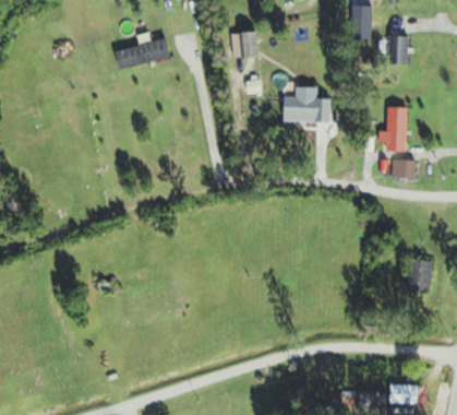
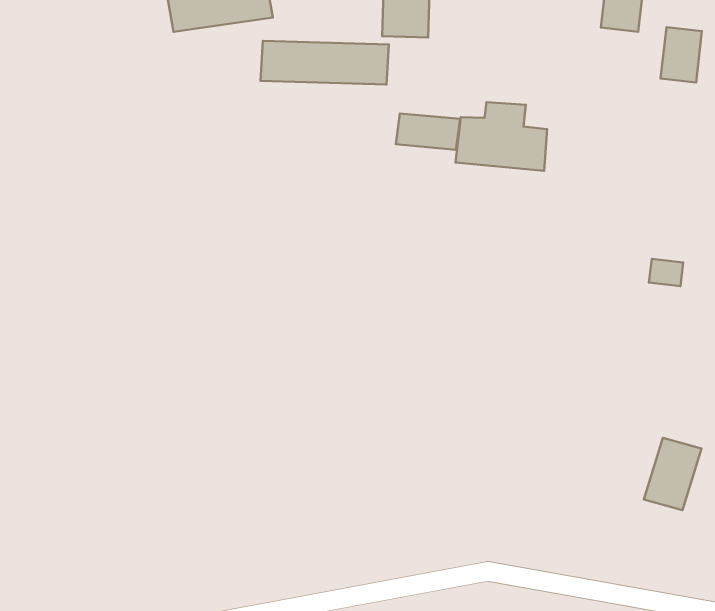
building: none -> [261,41,389,85]
building: none -> [396,113,460,150]
building: [386,106,405,151] -> none

